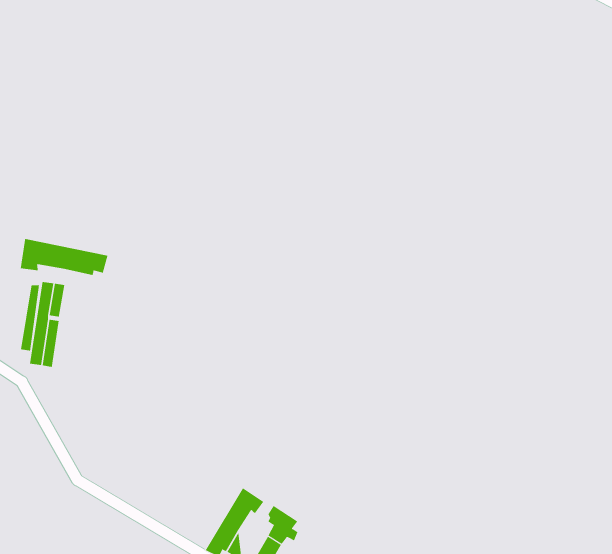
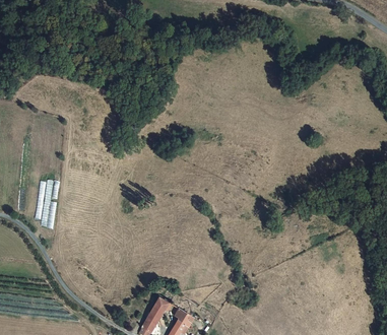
building: [20,238,108,276] -> none

